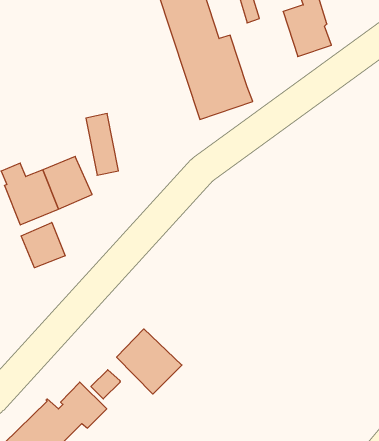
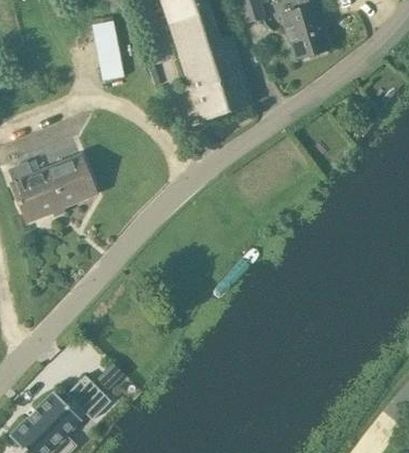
building: [86,114,118,175] -> [92,20,123,80]
building: [21,222,65,268] -> none
building: [117,329,182,394] -> none

